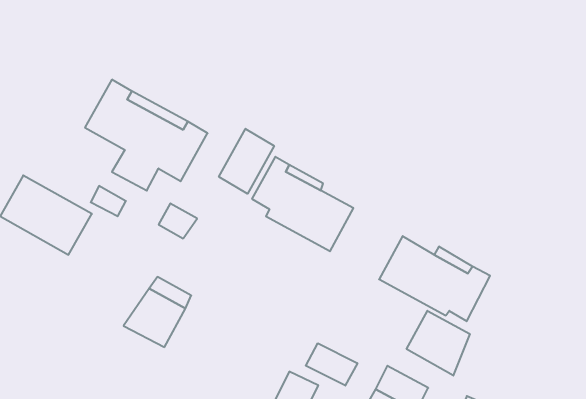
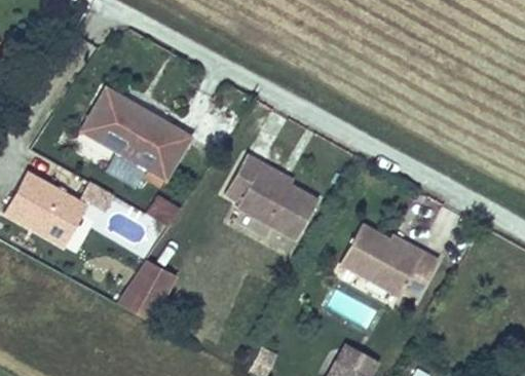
building: [219,129,274,194] -> none
building: [407,311,470,376] -> none
building: [306,343,357,386] -> none

